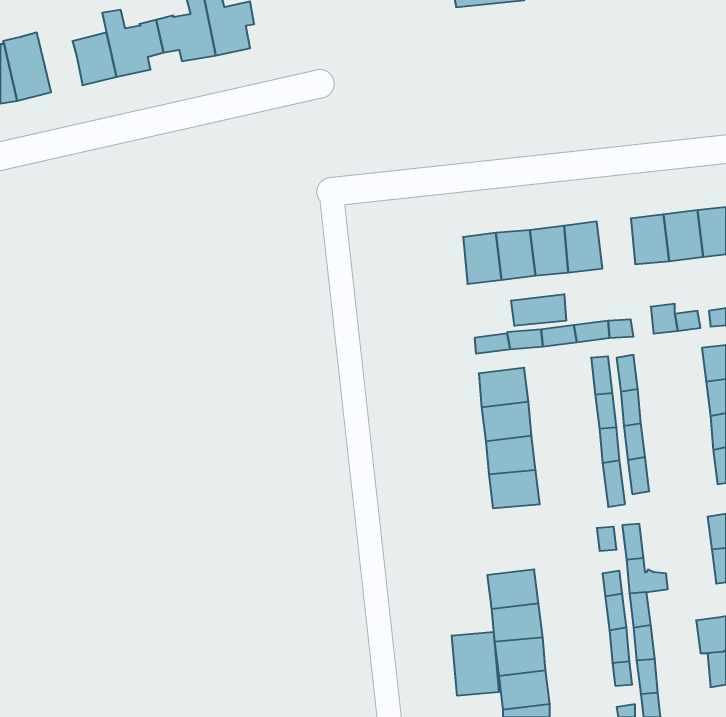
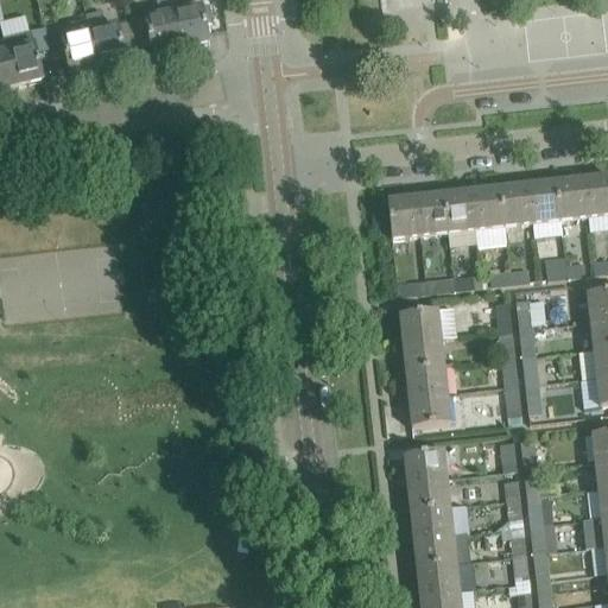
building: none -> [499,183,531,224]
building: [511,294,566,326] -> none
building: none -> [404,449,446,481]
building: [452,632,499,696] -> none

